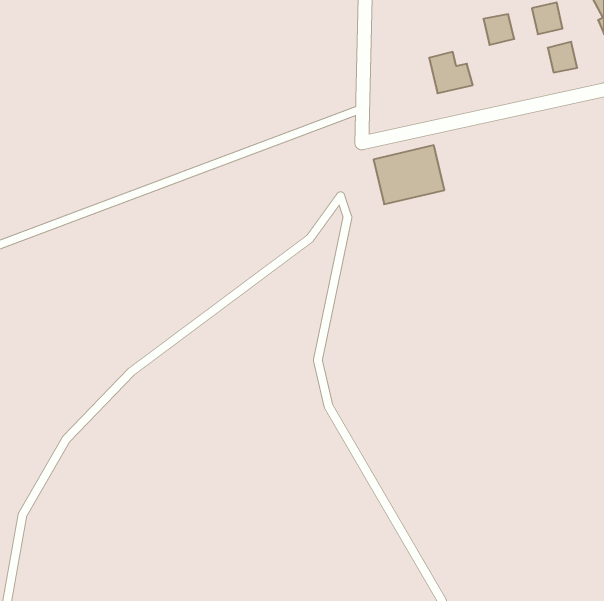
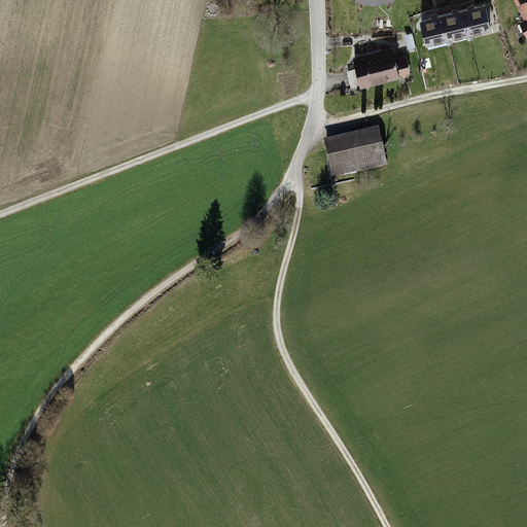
building: [548,42,577,72] -> [443,7,468,34]
building: none -> [348,50,381,89]

